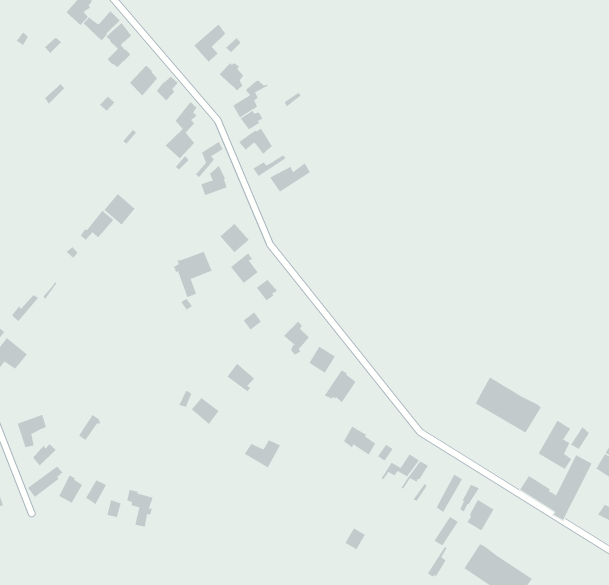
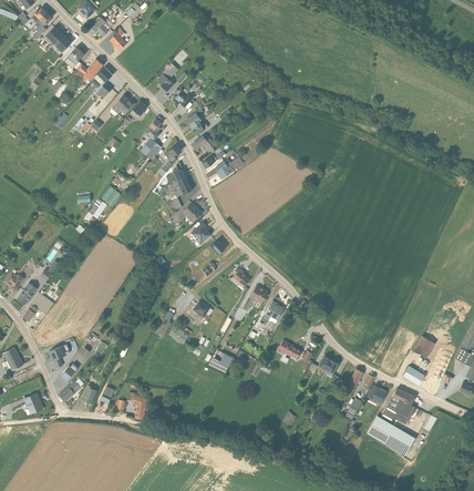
building: [173,251,213,298] -> [164,177,192,211]
building: [475,376,541,434] -> none
building: none -> [380,387,415,423]

